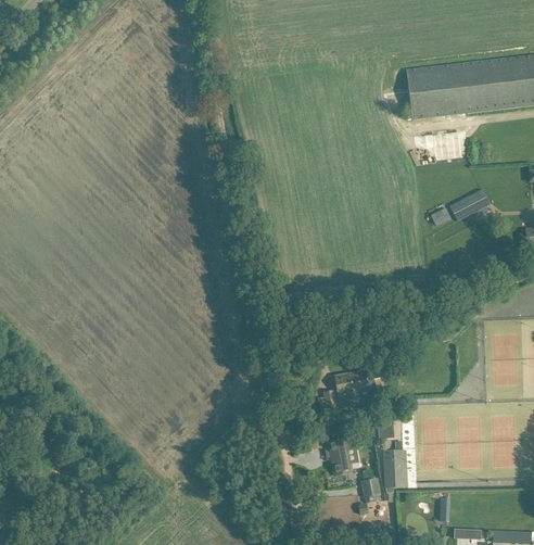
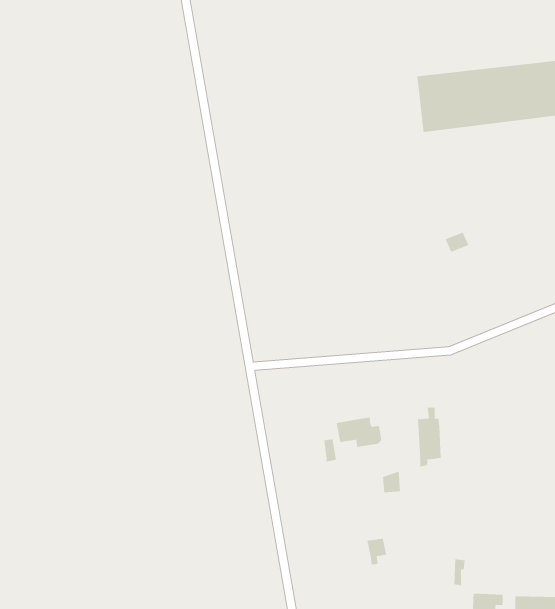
building: [448,188,491,223] -> none
building: [327,436,357,476] -> none
building: [384,441,406,494] -> [417,407,442,467]

